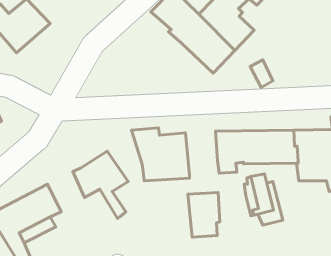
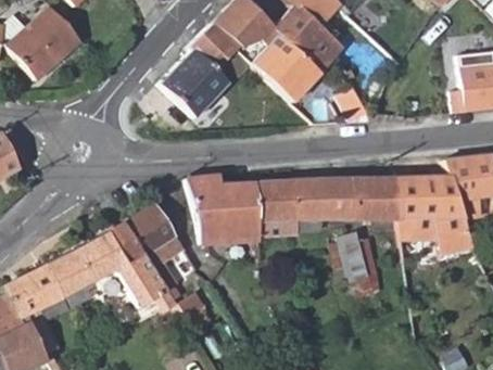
building: none -> [160,24,251,116]
building: none -> [78,230,168,310]
building: [188,193,220,237] -> [256,178,298,235]

